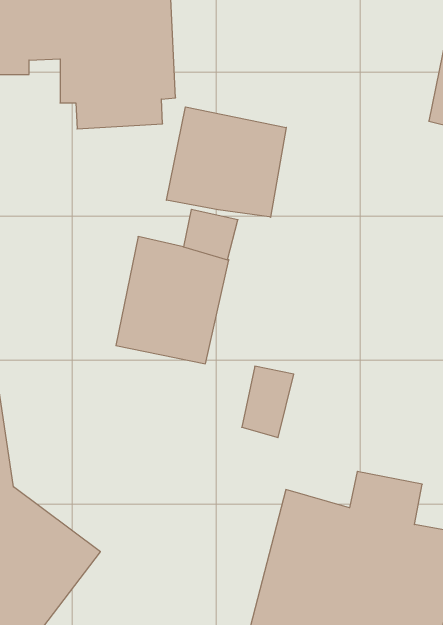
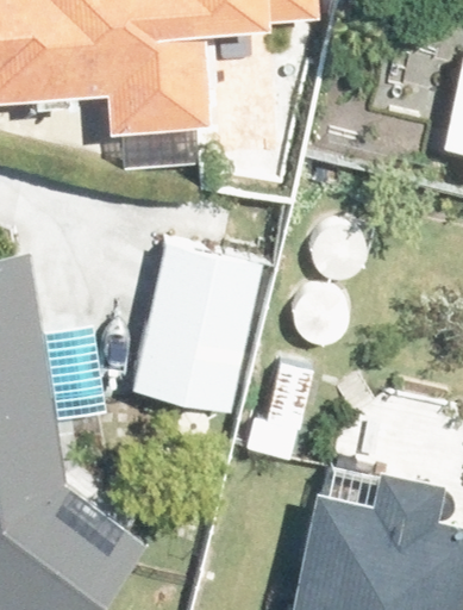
building: [166,107,286,217] -> none

